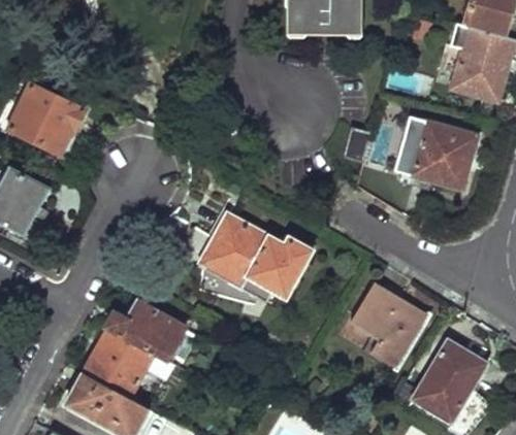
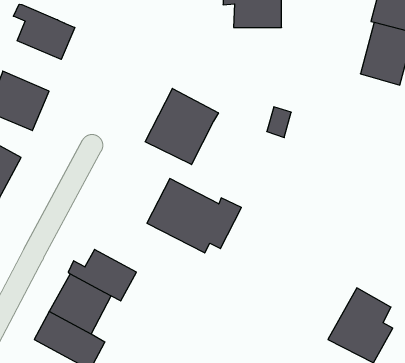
building: none -> [13,4,75,59]
building: none -> [145,88,218,165]
building: [400,121,478,188] -> none
building: [349,282,423,369] -> none

